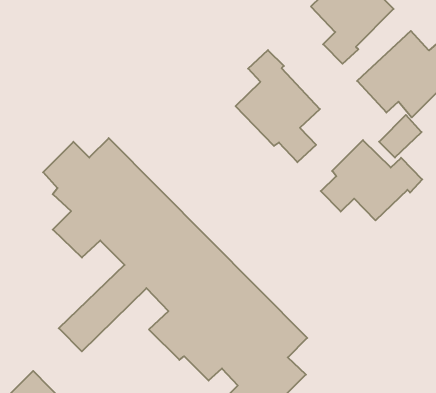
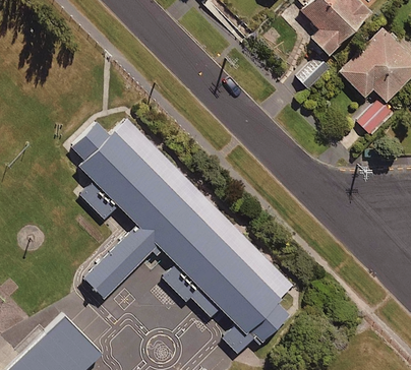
building: [236,50,320,162] -> none
building: [321,140,422,220] -> none

